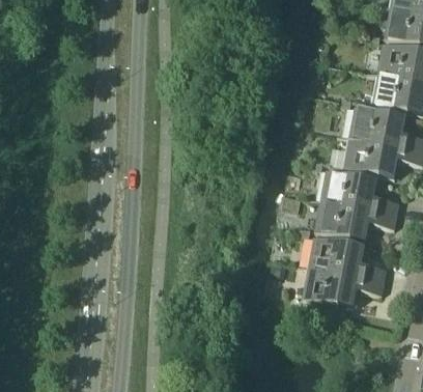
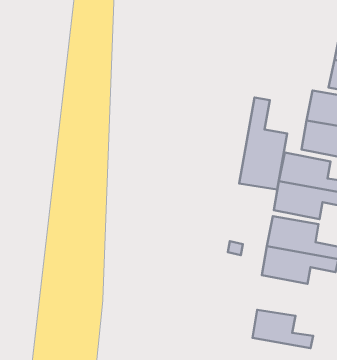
building: none -> [239,98,287,189]
building: none -> [252,310,313,348]

